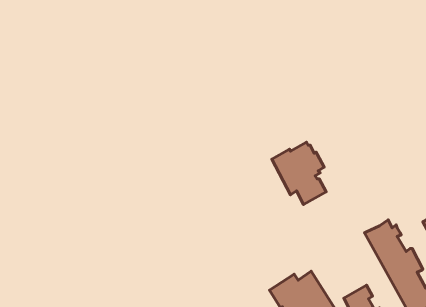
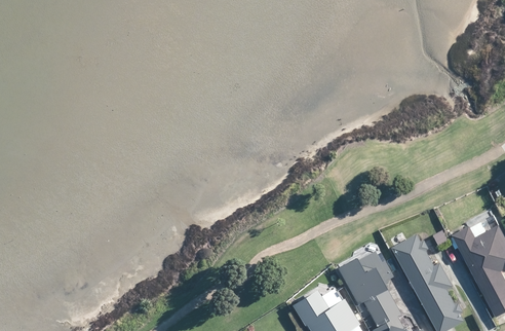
building: [272,142,326,205] -> [338,251,394,316]

